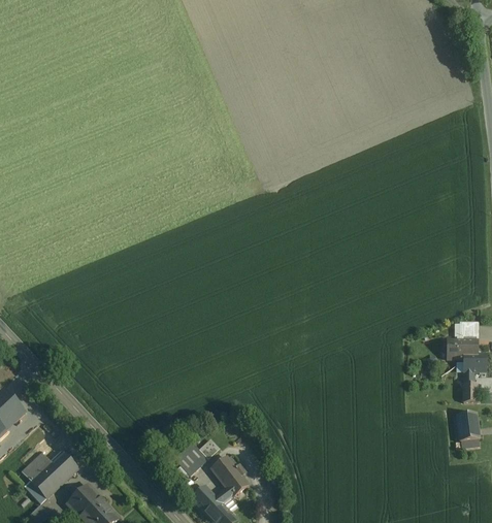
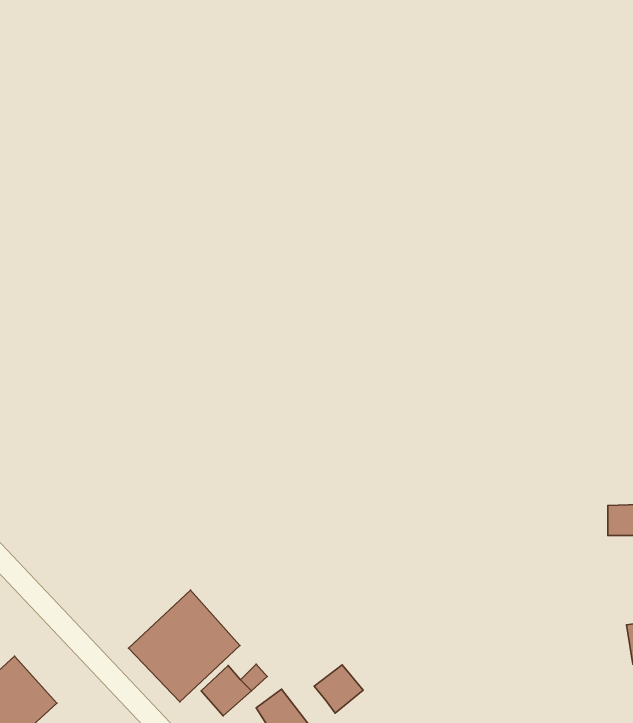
building: none -> [129,590,240,702]
building: none -> [314,665,363,713]

